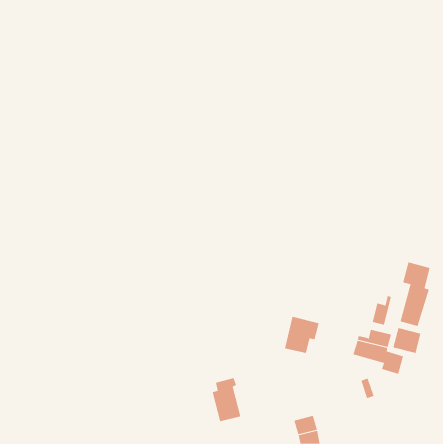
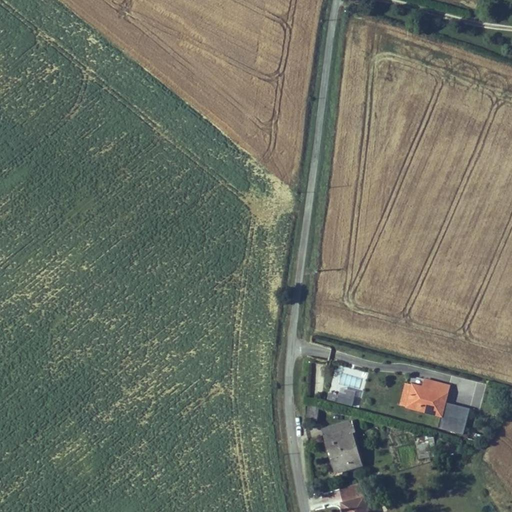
building: [400,262,430,327] -> none
building: [372,295,392,325] -> none
building: [212,377,241,422] -> [324,419,358,470]

